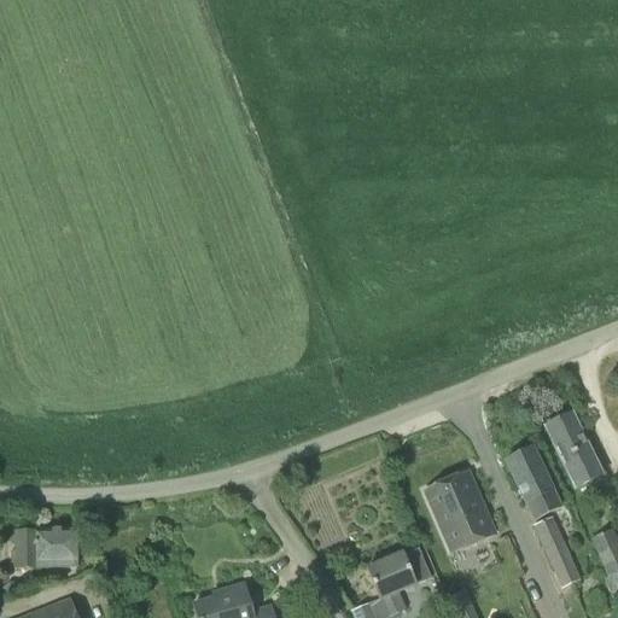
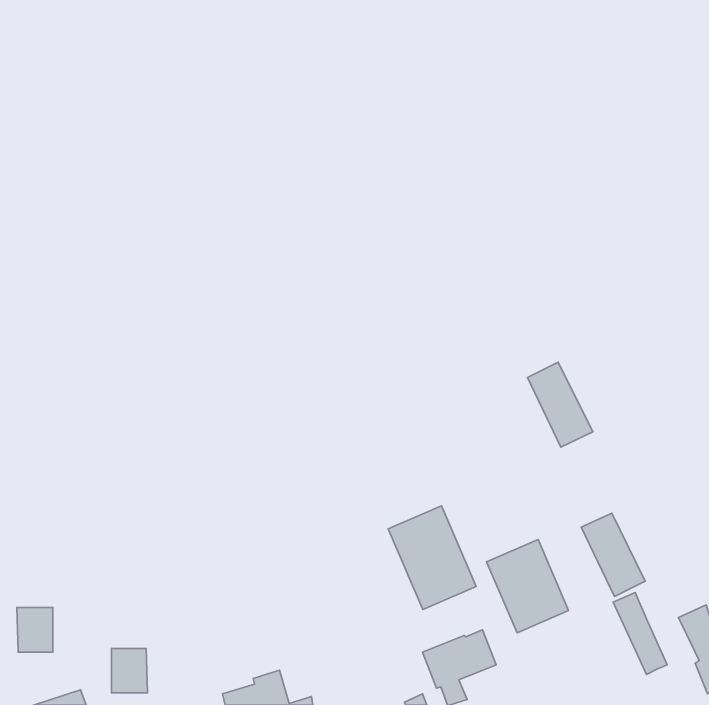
building: [546,412,602,485] -> [527,362,593,447]
building: none -> [388,506,476,609]
building: [47,527,78,566] -> [111,648,148,693]

